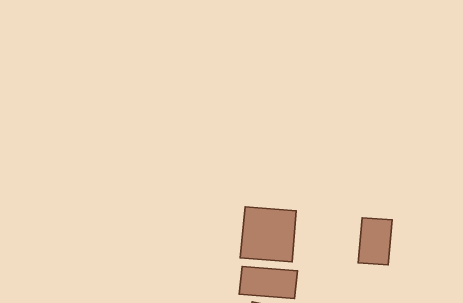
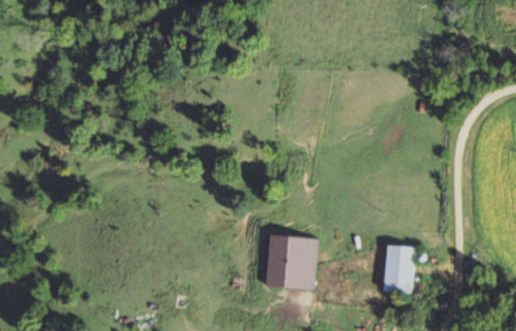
building: [239,267,298,299] -> none

